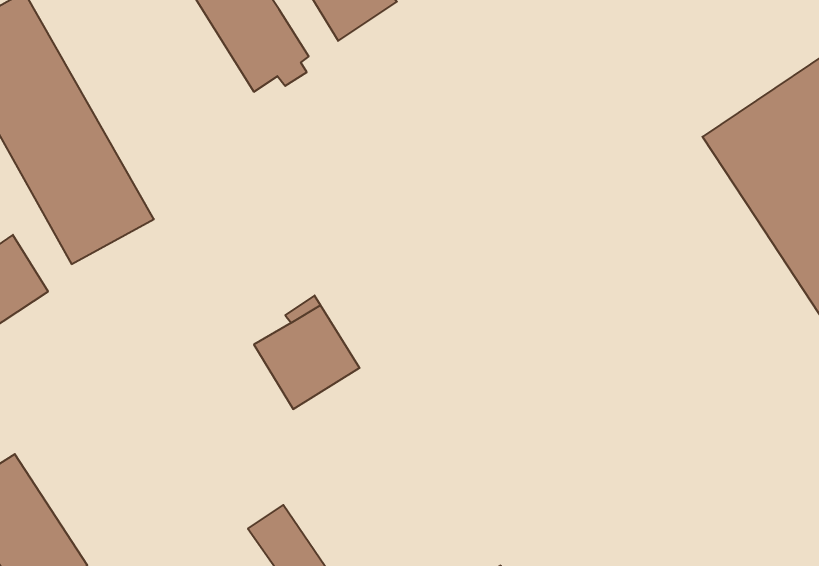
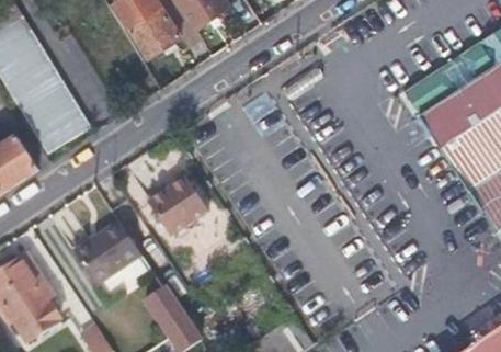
building: none -> [73,222,141,287]

